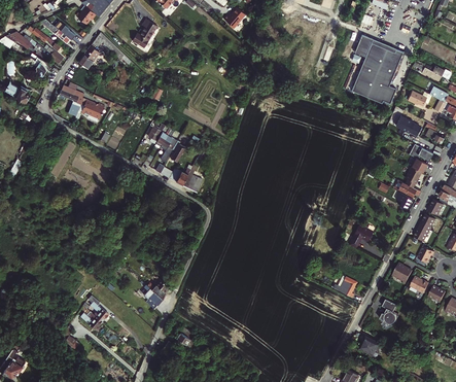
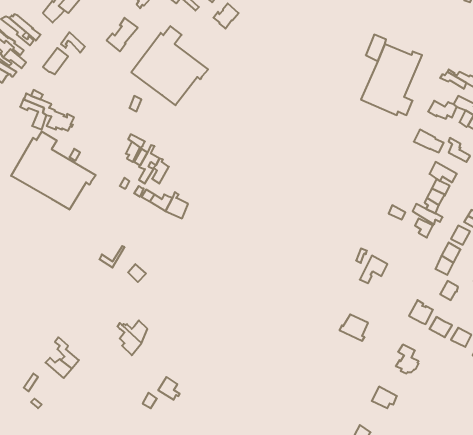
building: none -> [131,26,208,105]
building: none -> [11,131,96,210]

